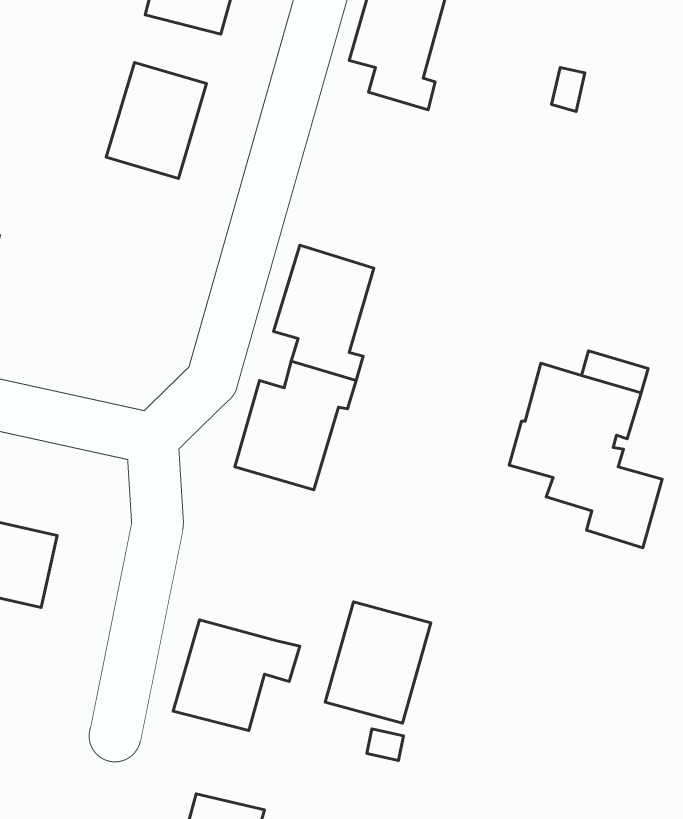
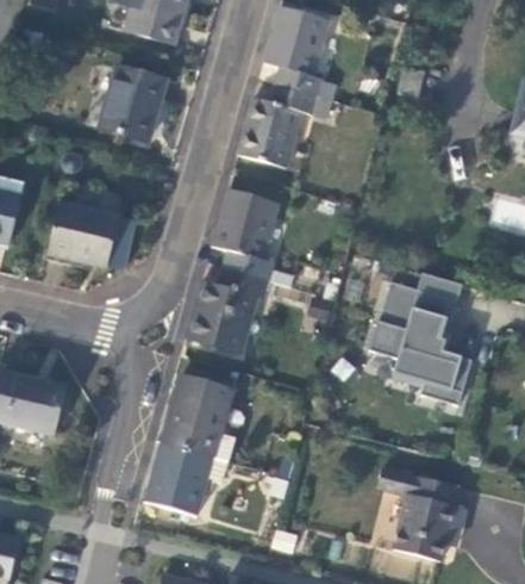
building: none -> [238,86,317,169]
building: none -> [49,186,124,268]
building: [325,602,431,723] -> [162,375,233,458]
building: none -> [393,473,465,561]

